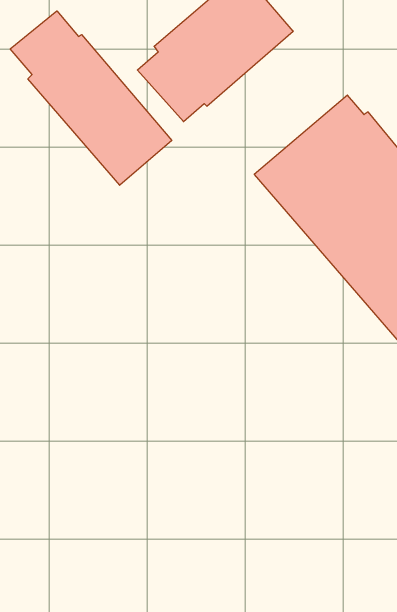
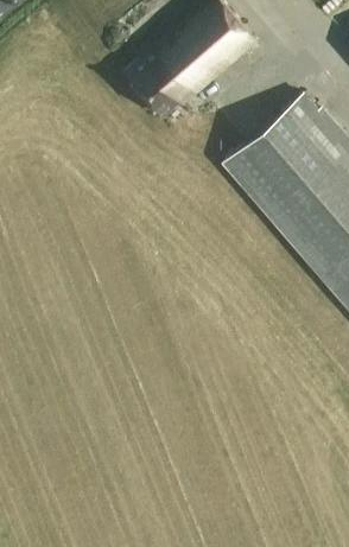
building: [10,11,172,185] -> none

